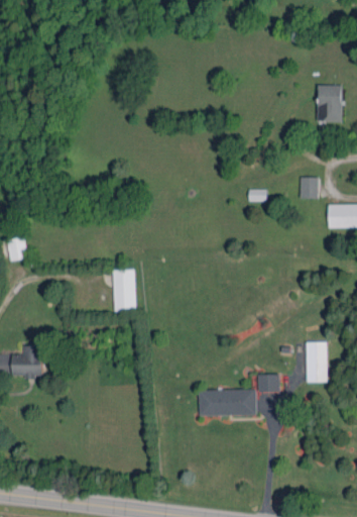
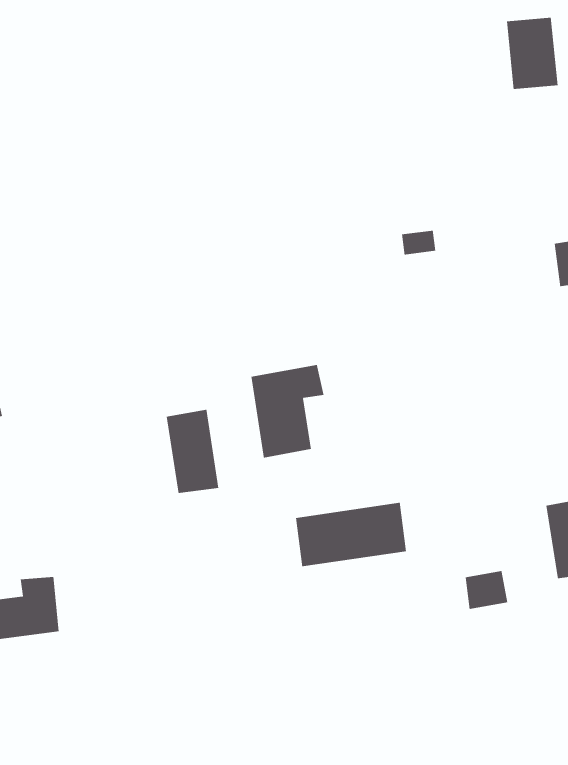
building: [300,177,317,198] -> none
building: none -> [251,364,324,459]
building: [199,389,255,416] -> [295,502,407,567]

